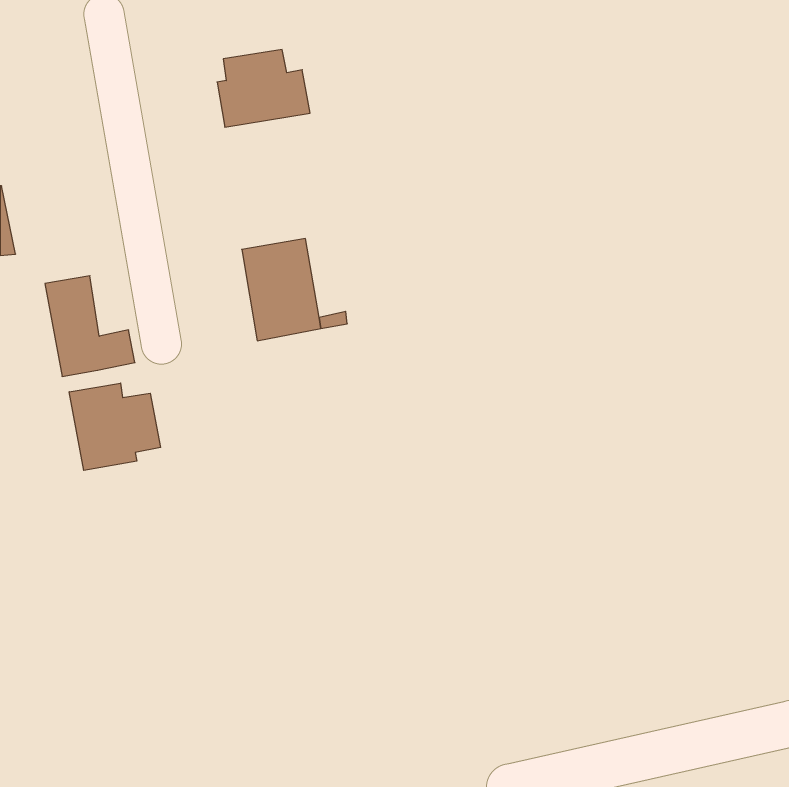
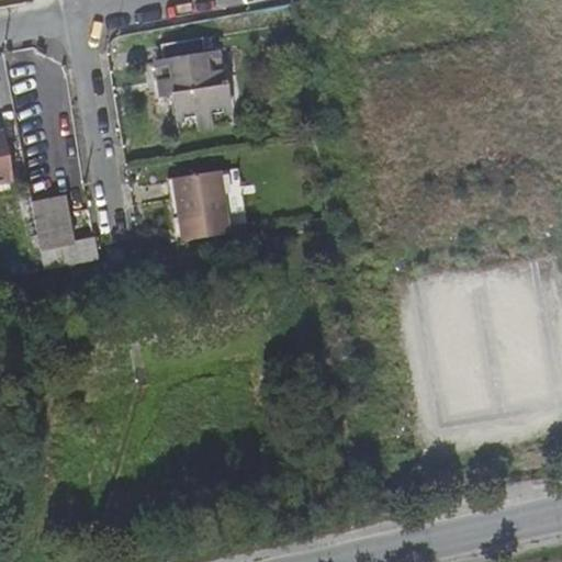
building: none -> [161,80,229,125]
building: [69,383,161,470] -> none

